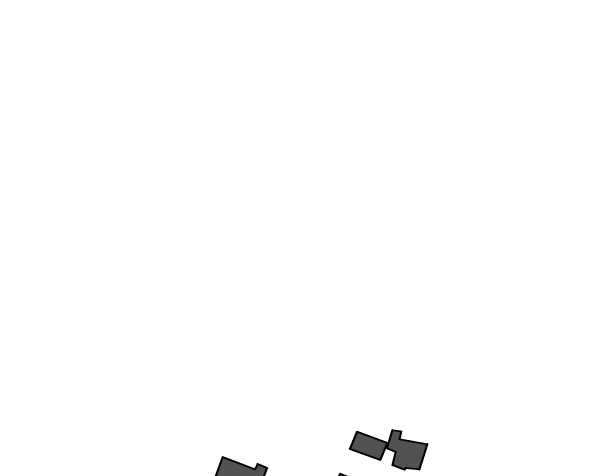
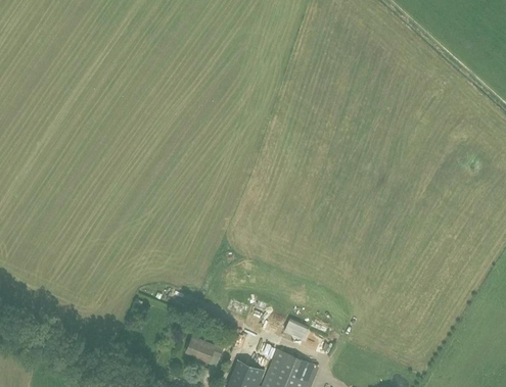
building: [387,430,427,470] -> none

